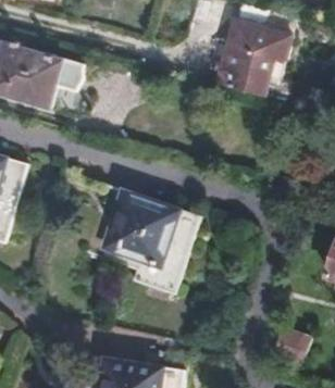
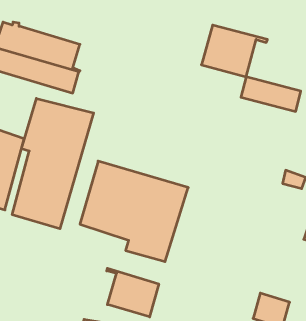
building: [228,22,293,59] -> [241,77,301,111]
building: none -> [12,98,94,229]
building: none -> [107,268,159,317]

